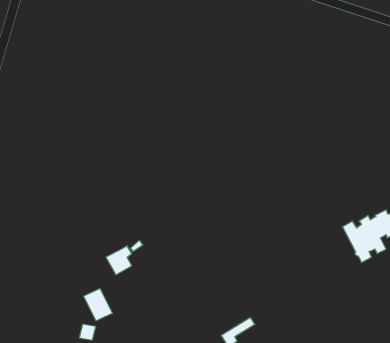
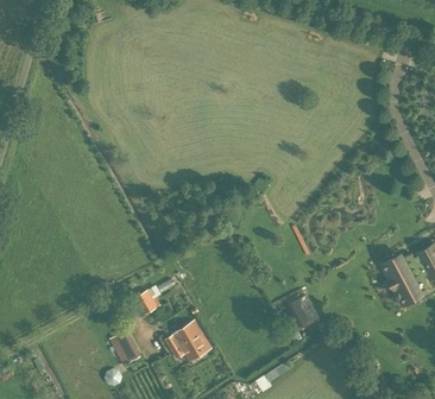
building: none -> [285,292,319,330]
building: none -> [163,321,210,361]

